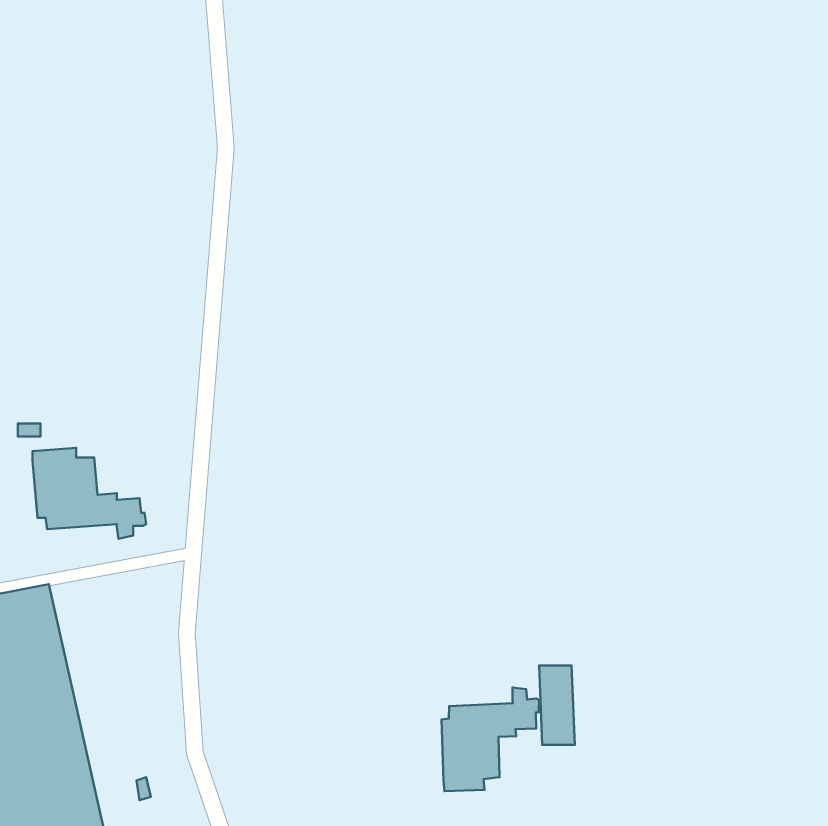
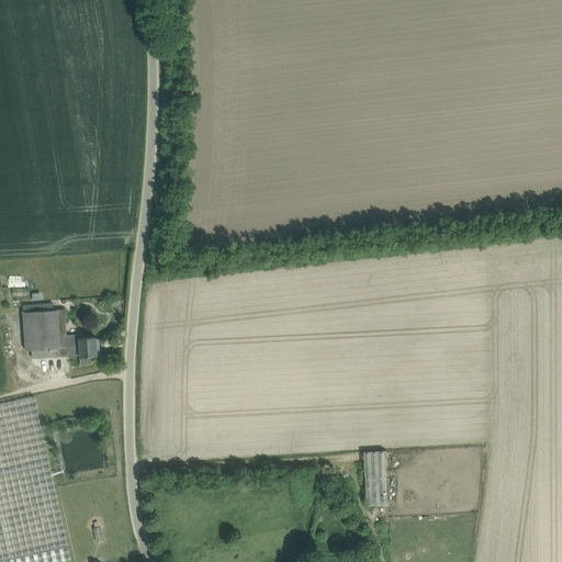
building: [442,687,539,791] -> none

